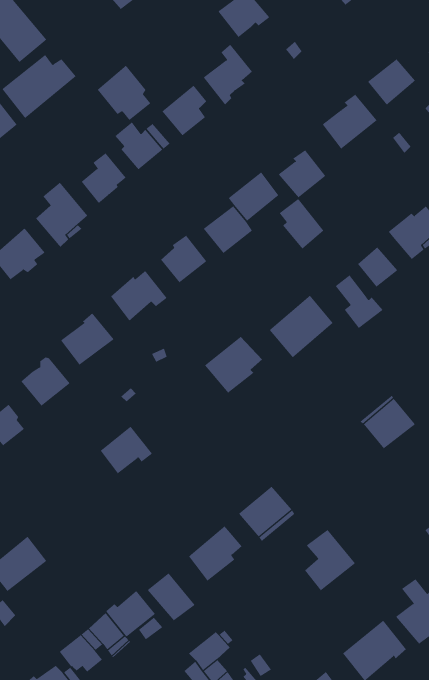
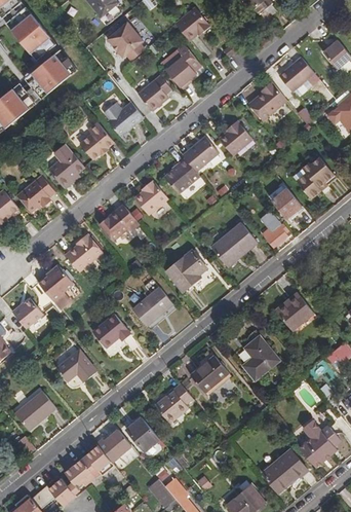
building: [97,65,151,121] -> [107,22,145,61]
building: [279,198,324,249] -> none
building: none -> [131,287,170,325]
building: none -> [55,350,95,380]
building: [304,529,356,591] -> [242,336,278,379]

